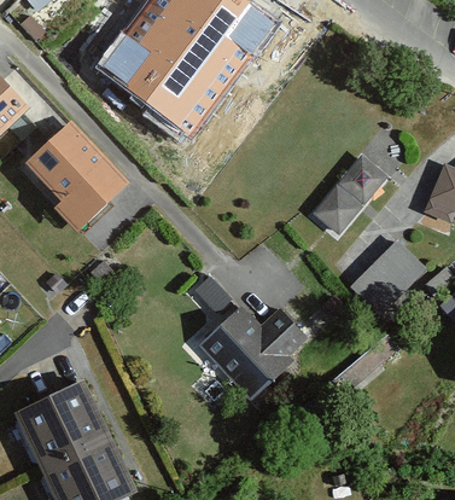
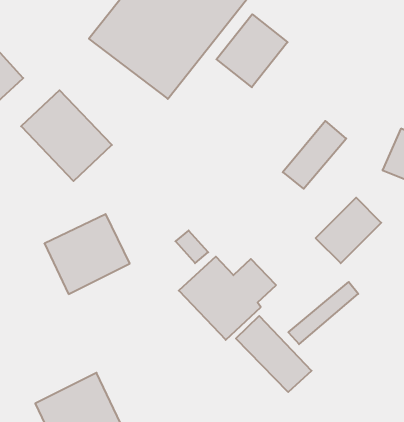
building: none -> [216,14,288,87]
building: none -> [236,316,312,392]
building: [14,379,109,467] -> [44,214,130,294]

